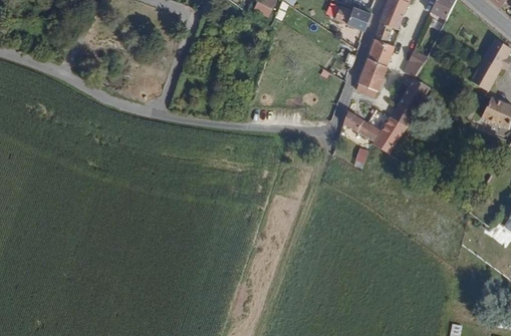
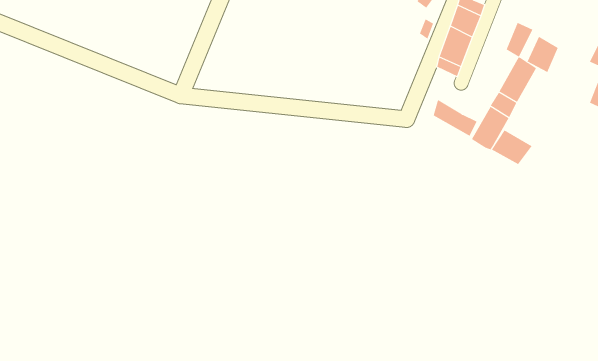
building: none -> [527,36,559,73]
building: none -> [491,130,532,165]

